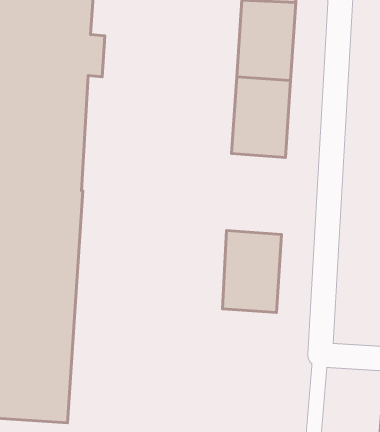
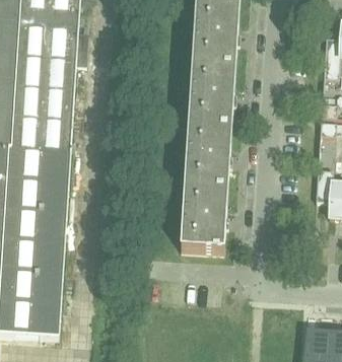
building: none -> [184,125,230,189]

